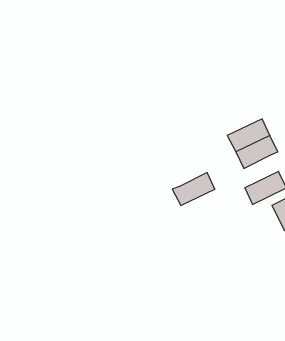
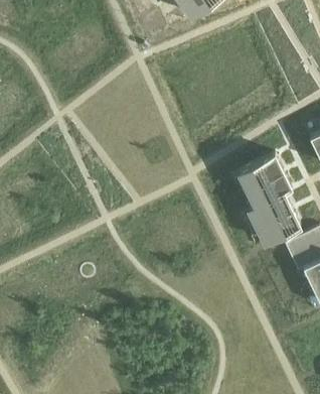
building: [172,173,215,206] -> [248,192,292,227]

